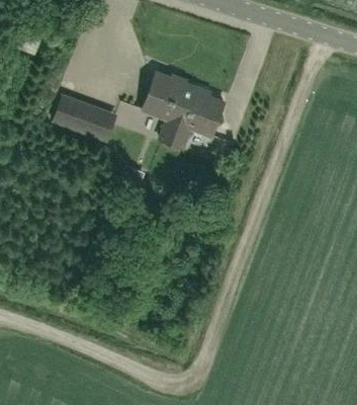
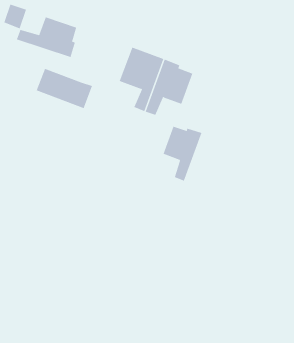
building: none -> [16,16,77,58]
building: none -> [163,126,202,181]

